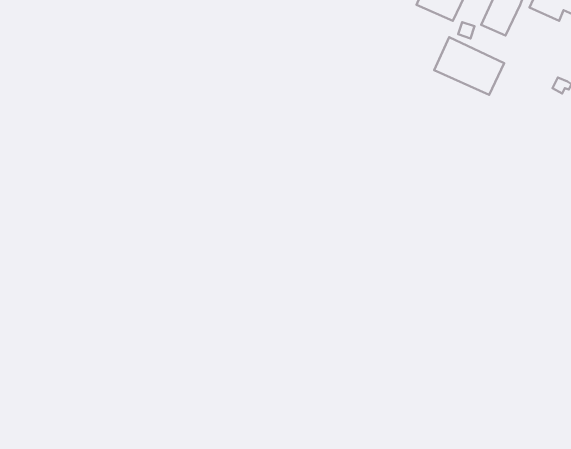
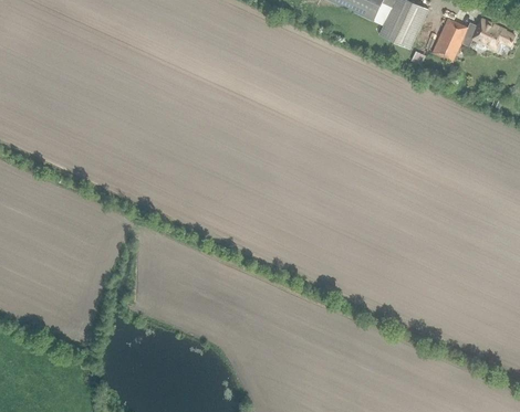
building: [434,37,504,95] -> none

